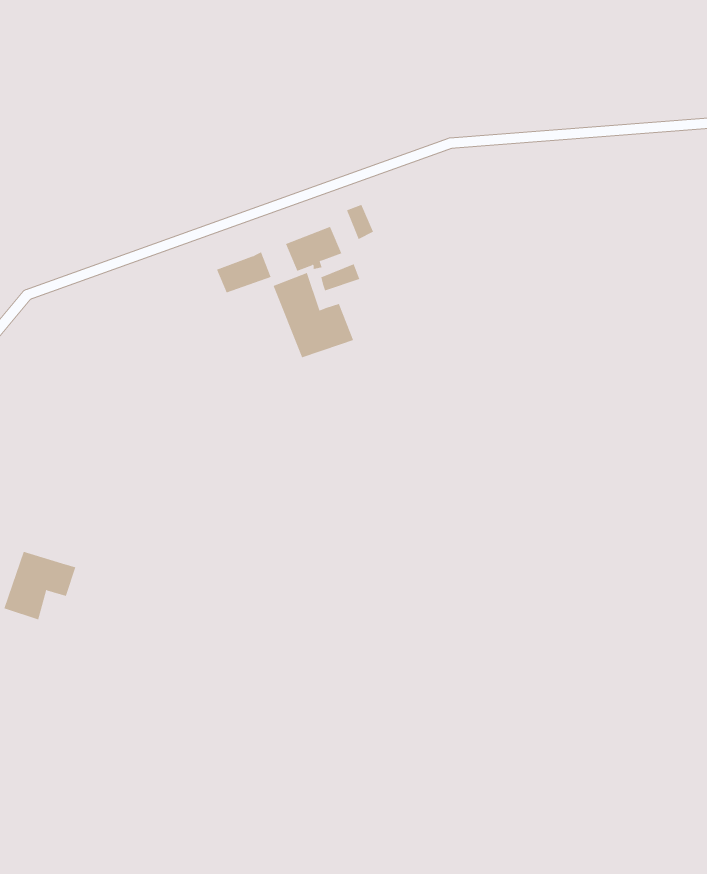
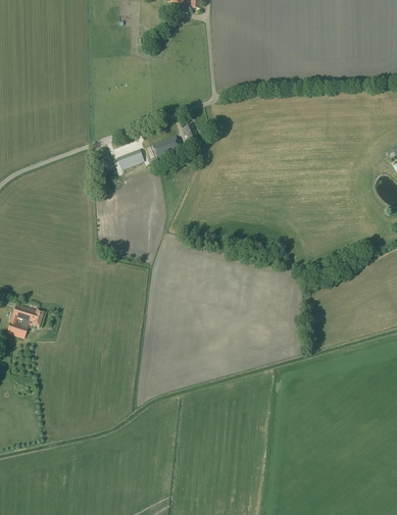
building: [273,272,354,358] -> none

